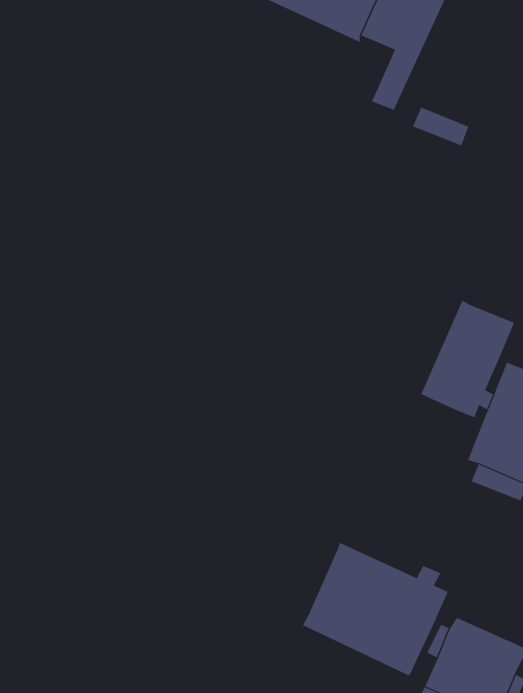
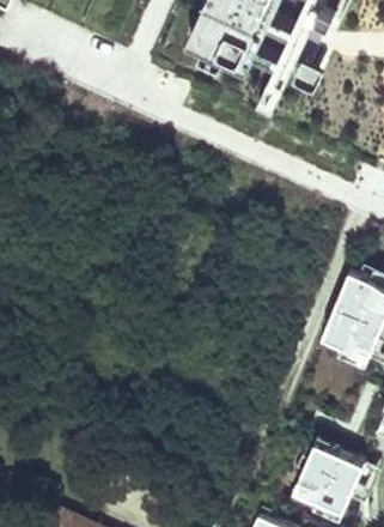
building: [421,300,515,418] -> none
building: [302,542,449,676] -> none

